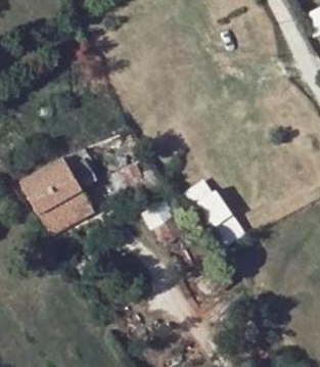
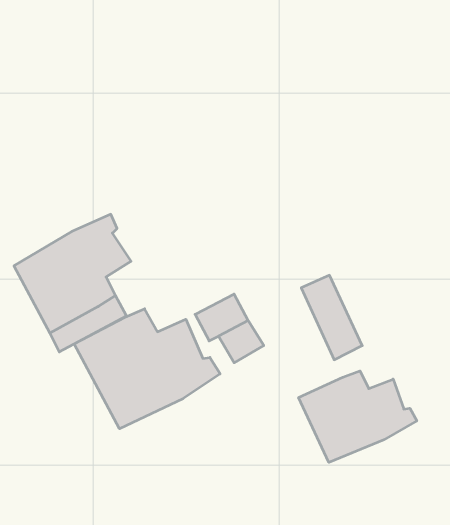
building: none -> [74,309,220,429]
building: none -> [299,371,417,462]

